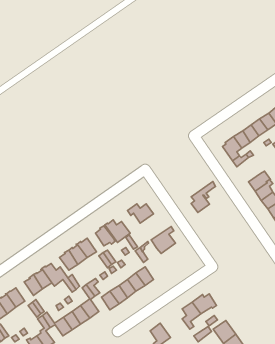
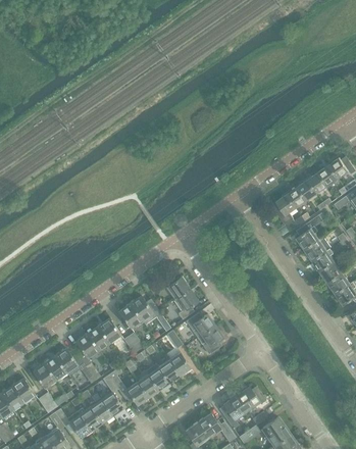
building: [191,182,215,213] -> [296,212,325,250]
building: none -> [172,289,197,320]
building: none -> [198,325,223,353]
building: none -> [197,413,235,442]

